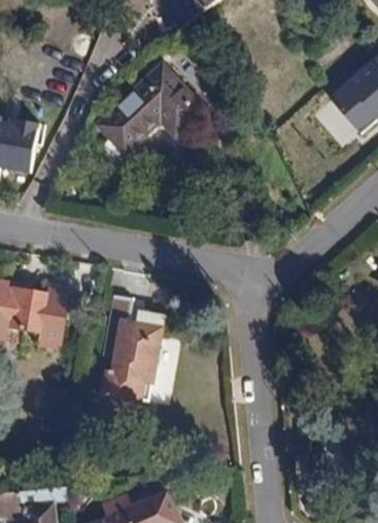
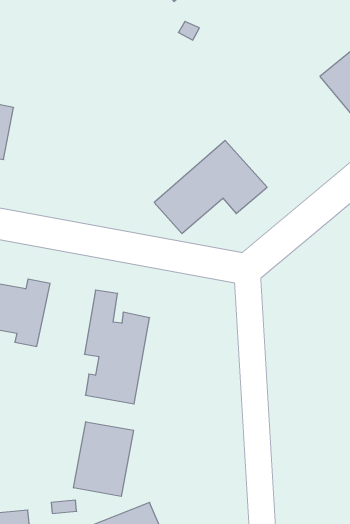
building: [104,70,209,157] -> [154,141,267,234]
building: none -> [74,422,134,496]

